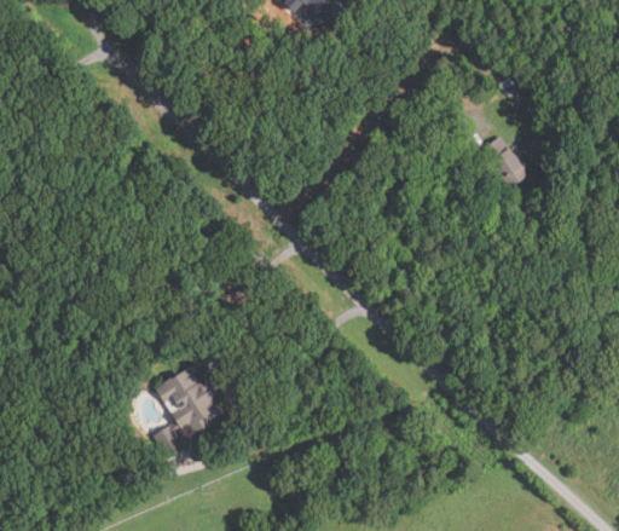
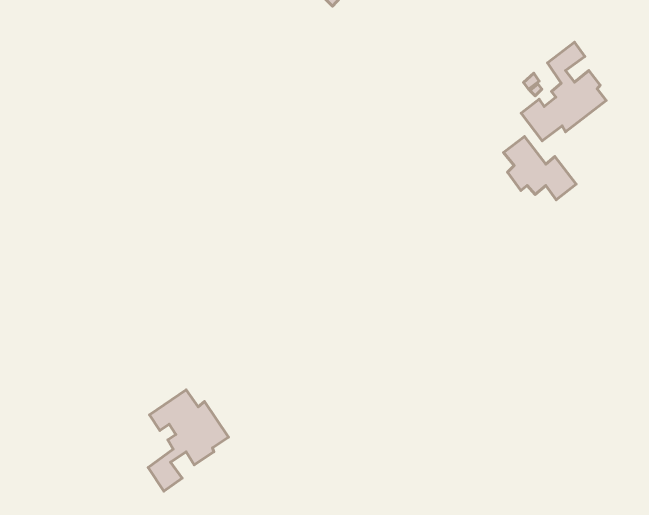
building: none -> [521,42,606,141]

